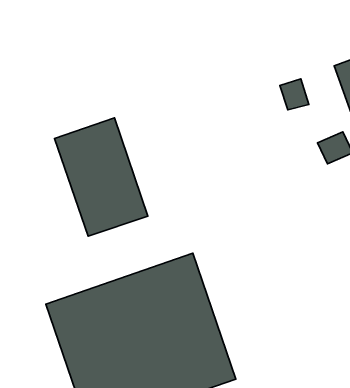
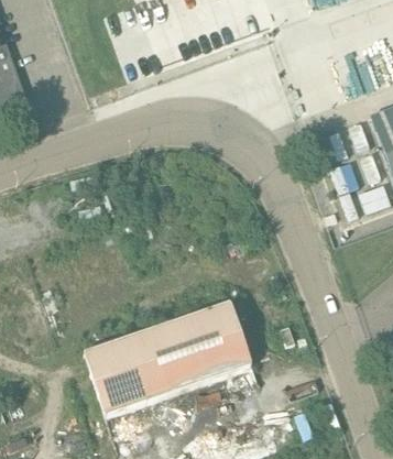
building: [54,118,148,236] -> none

